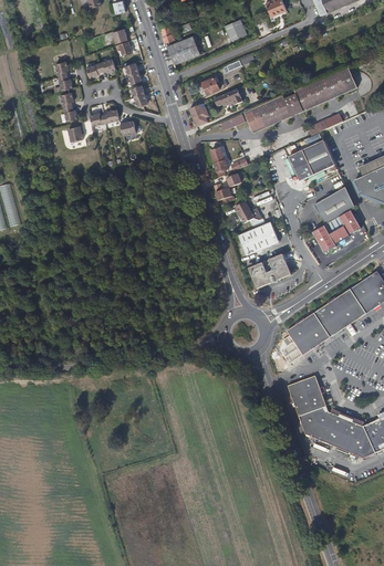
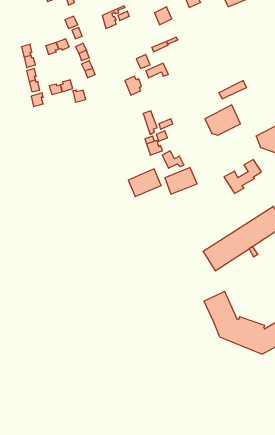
building: [168,35,201,64] -> none
building: [219,65,359,133] -> none
building: [313,186,354,226] -> none
building: [249,252,291,287] -> [128,169,161,197]

